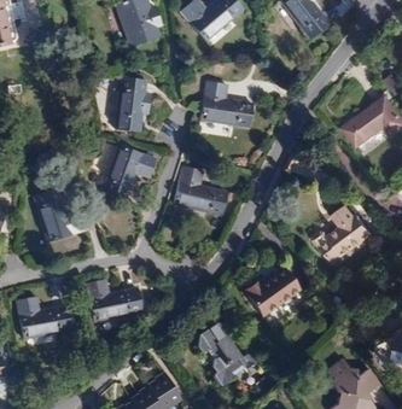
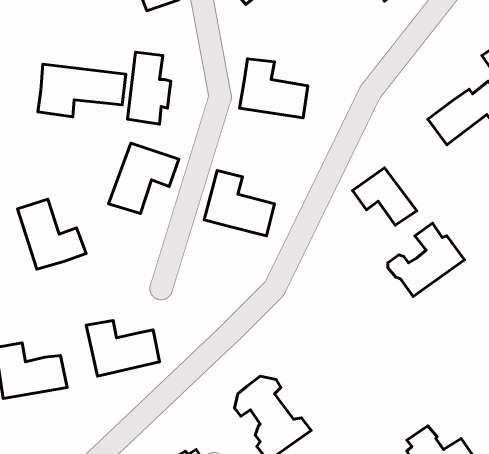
building: none -> [38,64,126,117]
building: none -> [352,168,417,225]
building: [244,268,301,316] -> none

